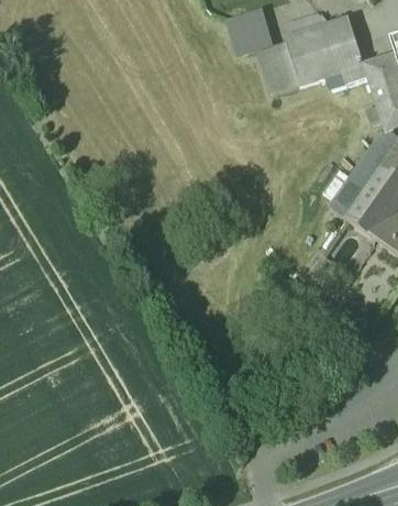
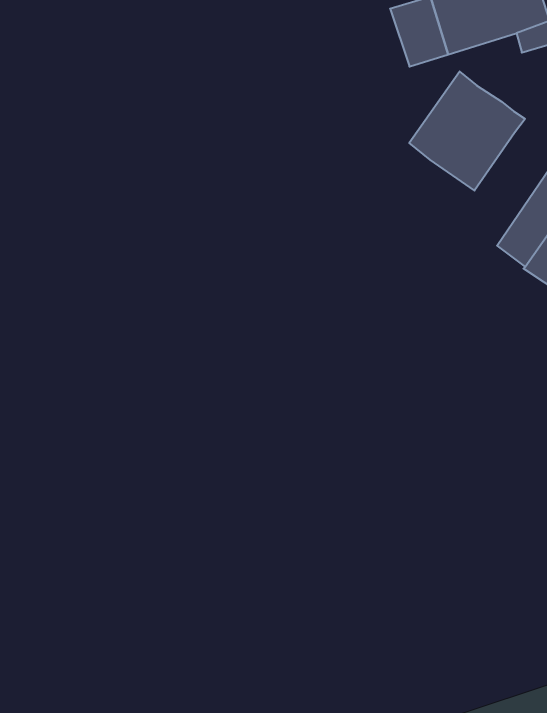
building: none -> [409,71,525,191]

